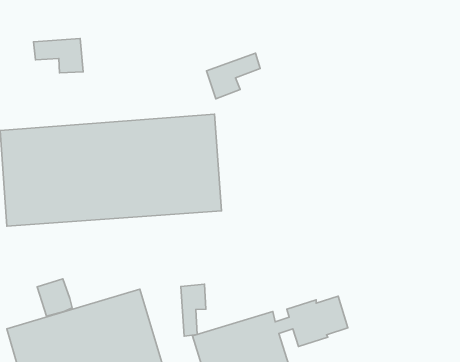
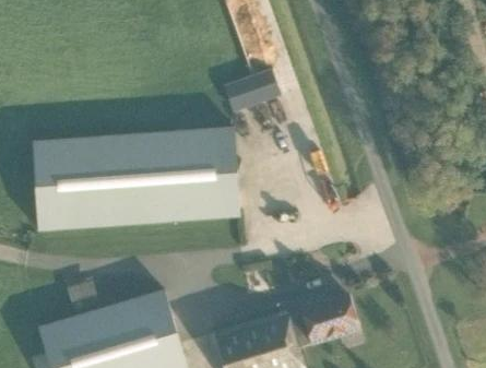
building: [33,38,83,73] -> none
building: [181,284,206,336] -> none

